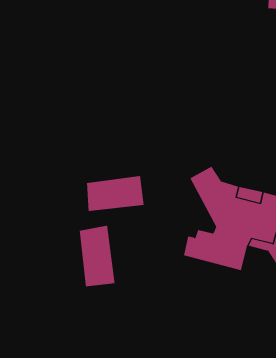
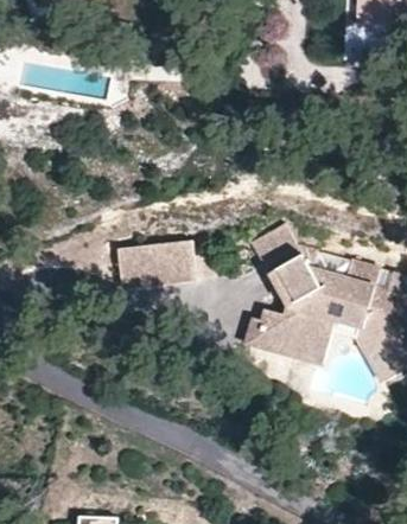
building: [79,225,115,287] -> none

